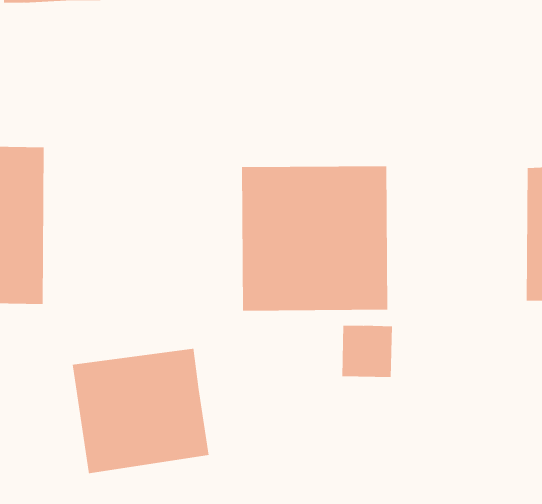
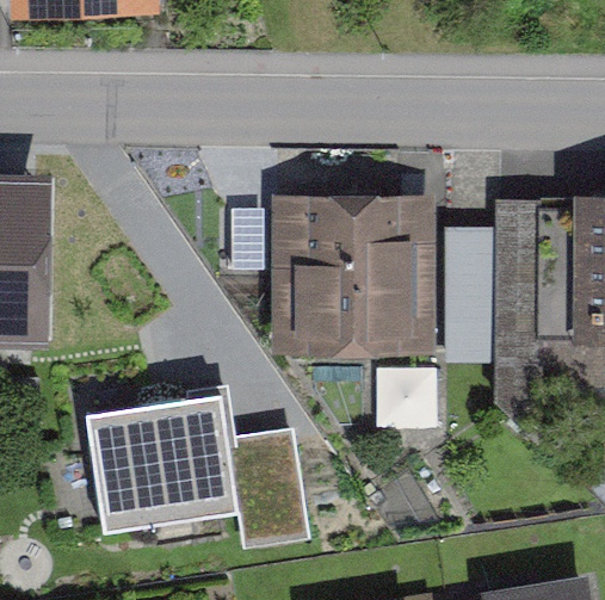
building: none -> [496,210,570,400]
building: none -> [443,240,493,369]
building: none -> [224,429,305,552]

